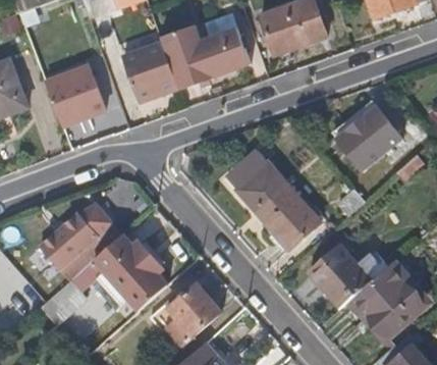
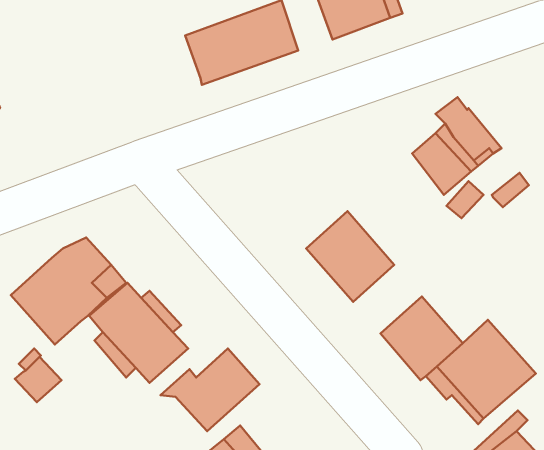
building: [122,42,177,99] -> none
building: [46,66,105,126] -> none
building: [223,141,286,210] -> none

